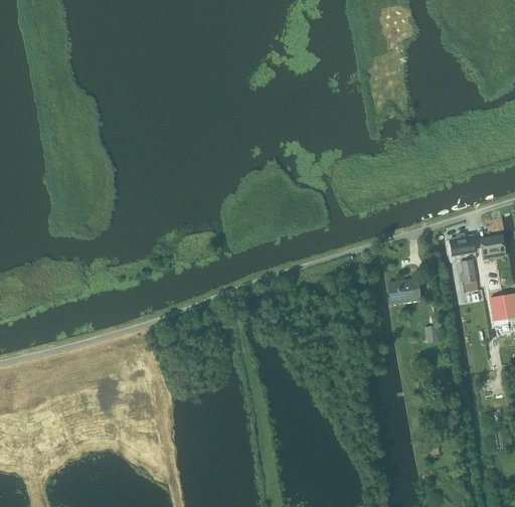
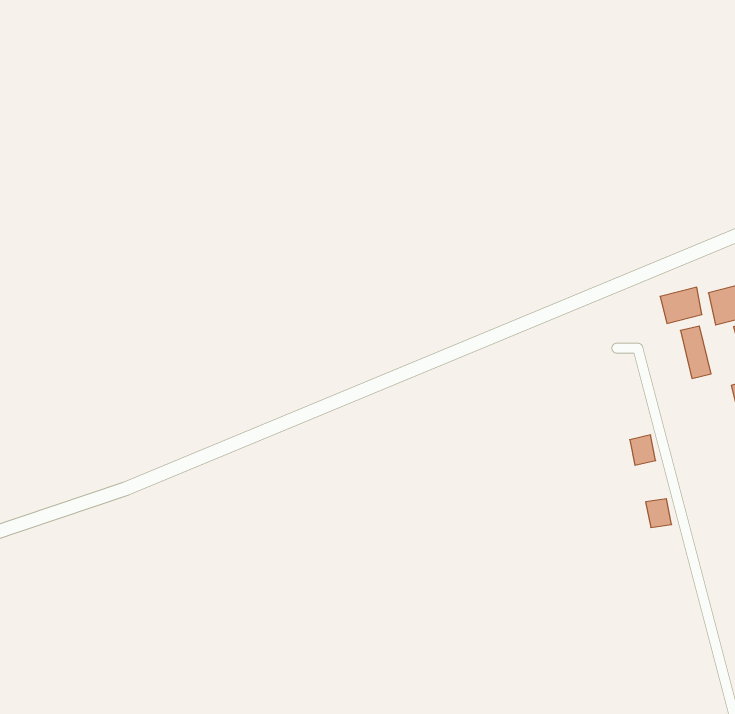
building: [388,278,419,303] -> none

